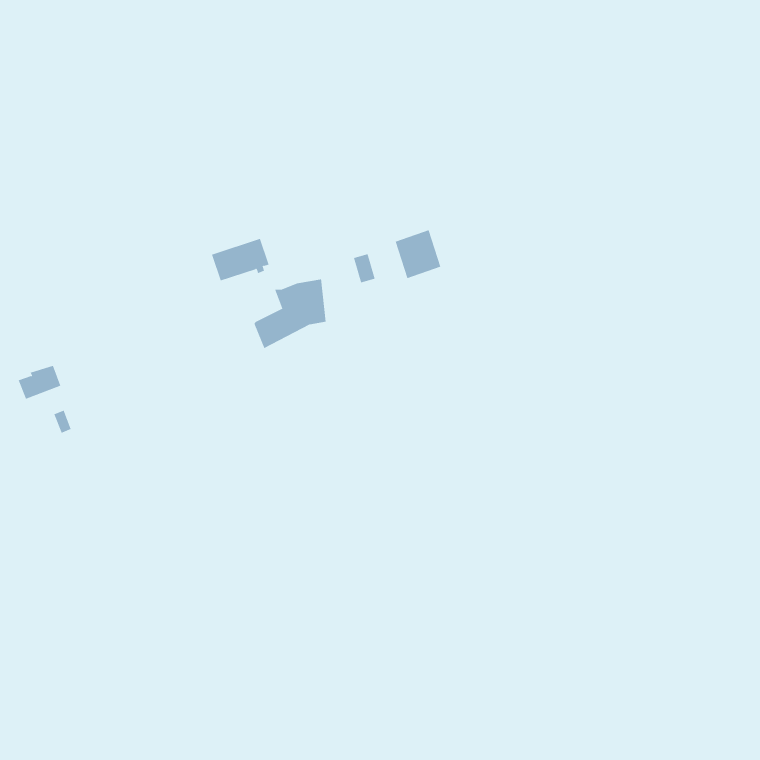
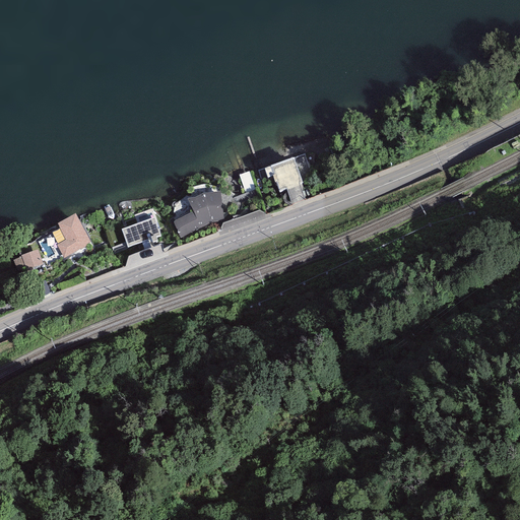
building: [211,238,269,281] -> [120,216,159,246]
building: none -> [55,213,90,257]

